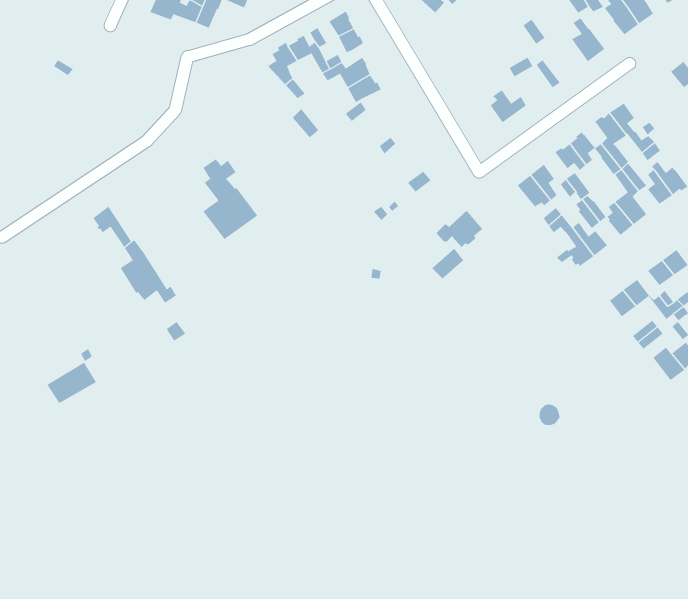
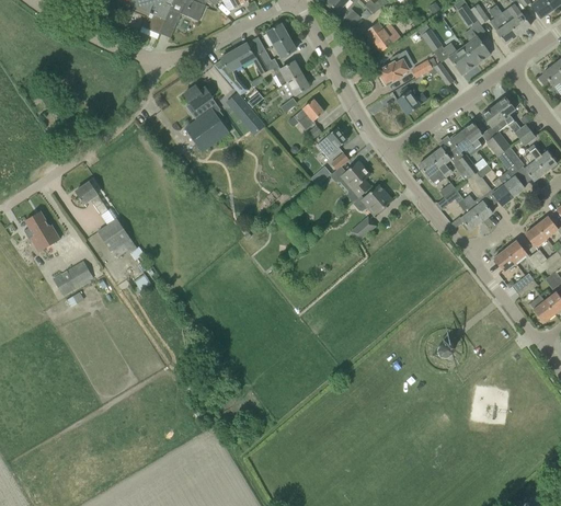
building: none -> [365,22,399,51]
building: none -> [444,43,476,74]
building: none -> [378,51,409,82]
building: none -> [287,99,323,128]
building: none -> [317,127,346,159]
building: [202,158,258,240] -> [184,85,229,151]
building: none -> [341,161,370,196]
building: none -> [24,210,59,251]
building: [47,362,97,404] -> [53,261,93,295]

